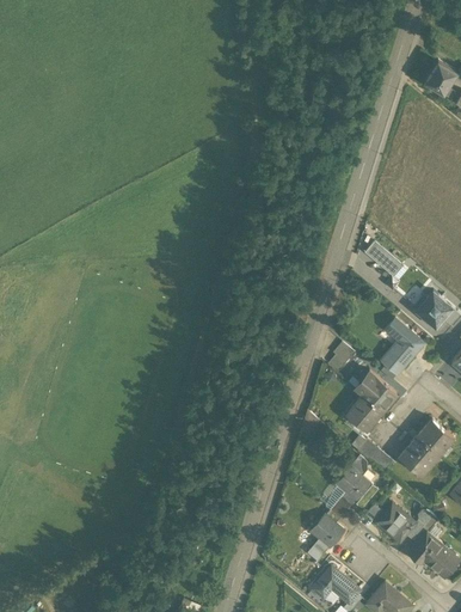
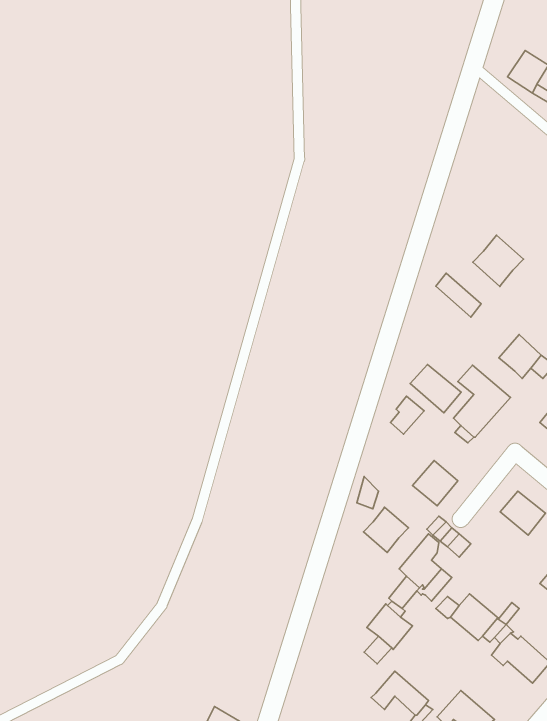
building: none -> [473,235,524,286]
building: [355,372,397,411] -> [410,364,461,413]
building: none -> [364,507,408,553]
building: [399,436,440,475] -> none

